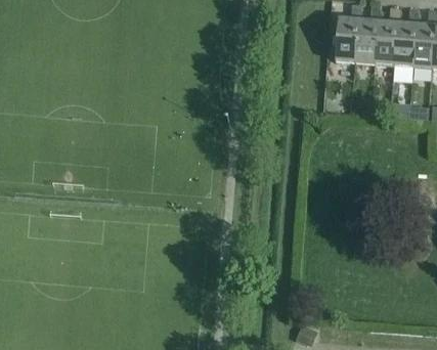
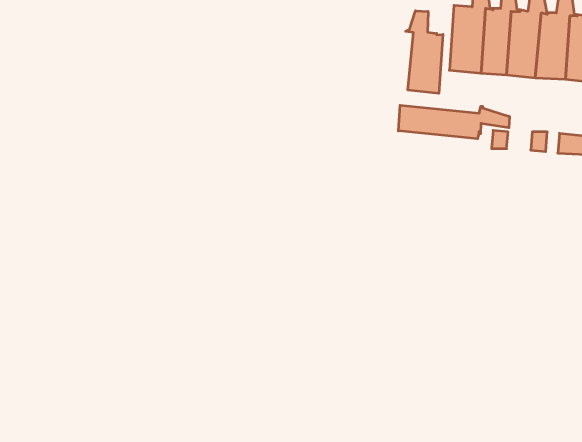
building: none -> [406,11,443,93]
building: none -> [398,105,509,139]

